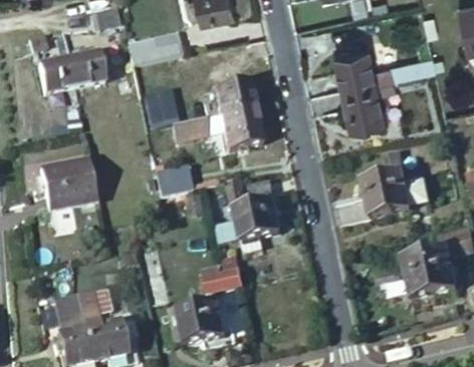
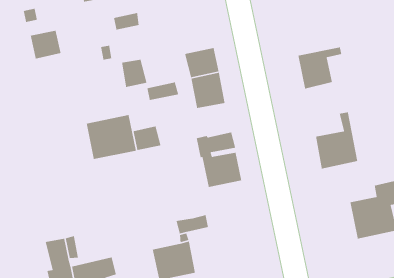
building: [334,47,434,90] -> none
building: [66,54,103,88] -> none
building: [40,167,98,220] -> [86,114,137,160]

